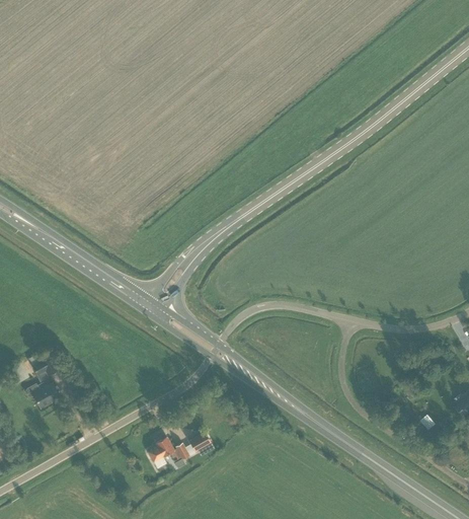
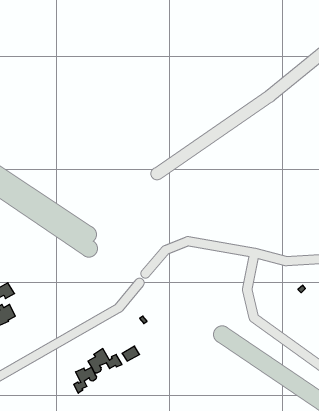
building: none -> [74,367,96,393]

